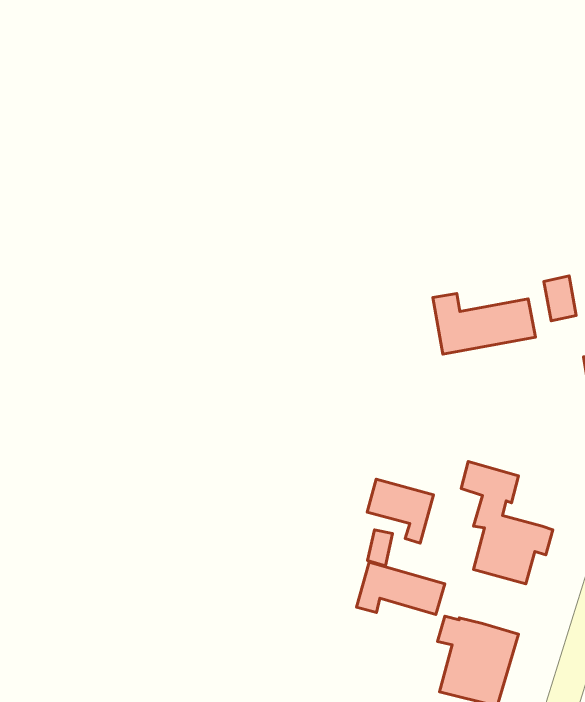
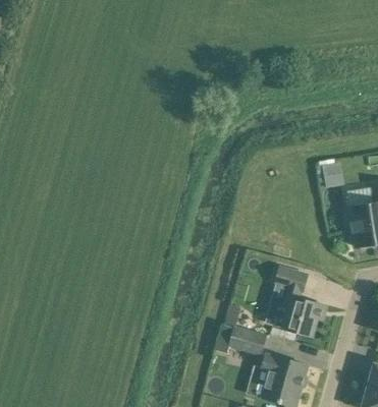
building: [433,293,535,354] -> none
building: [367,479,433,543] -> none

